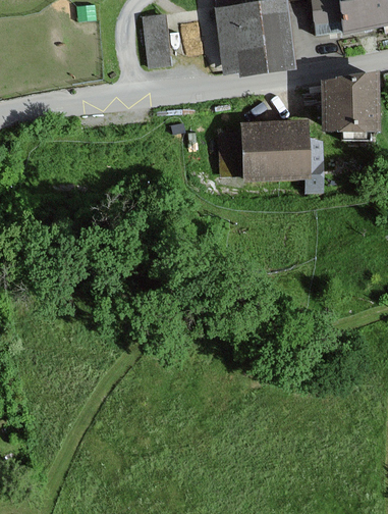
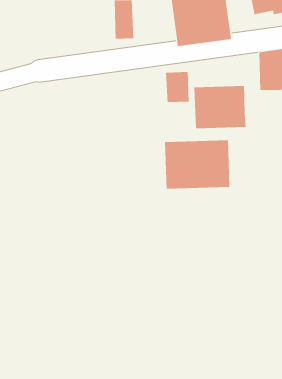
building: none -> [165,71,189,103]
building: none -> [165,140,230,189]

